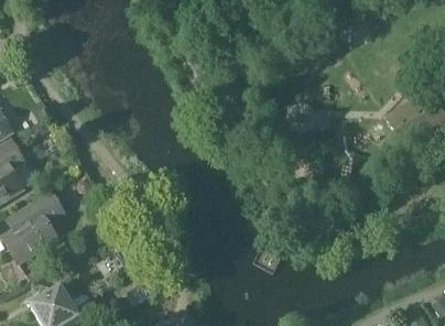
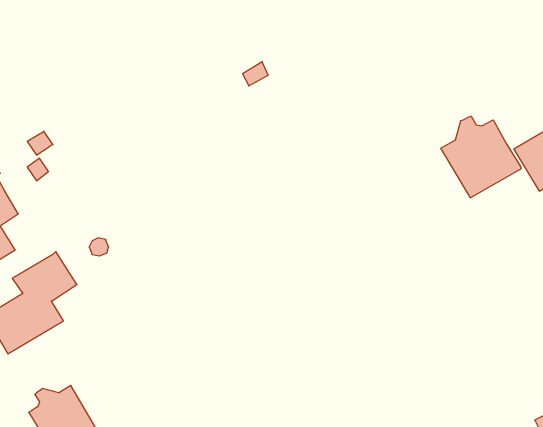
building: none -> [441,116,521,198]

